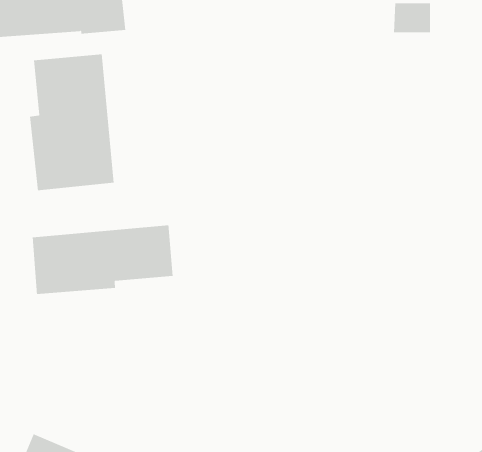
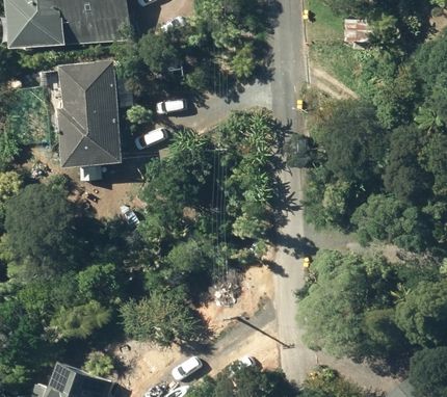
building: [32,224,173,295] -> none

